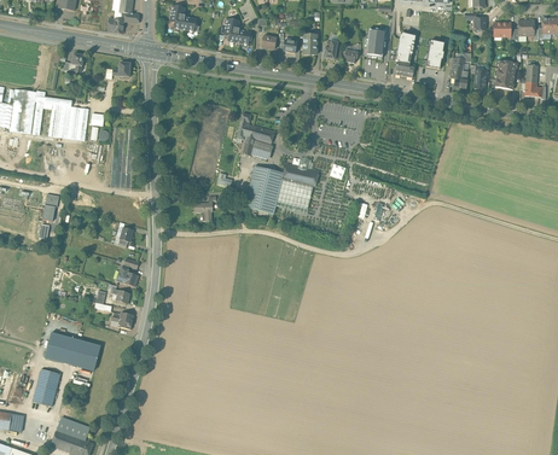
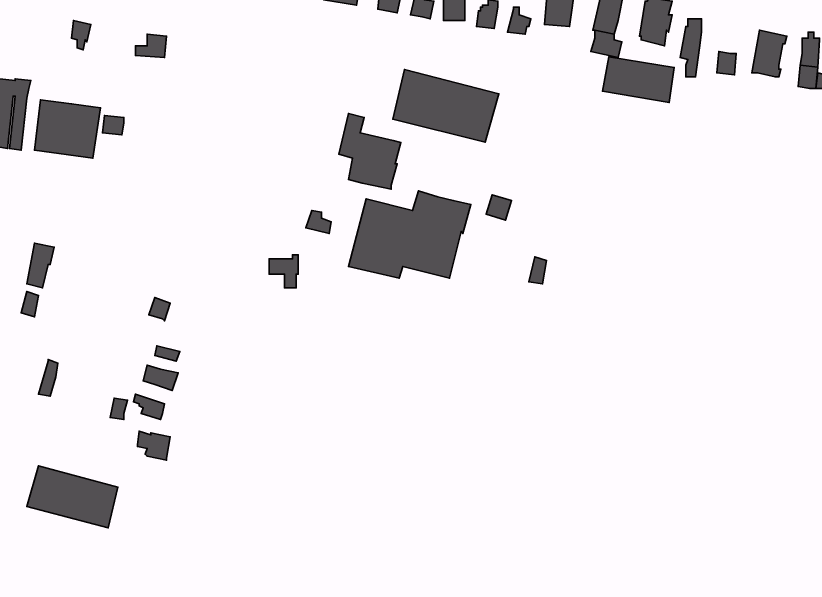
building: none -> [602,57,674,102]
building: none -> [393,70,499,142]
building: [34,369,62,407] -> none

